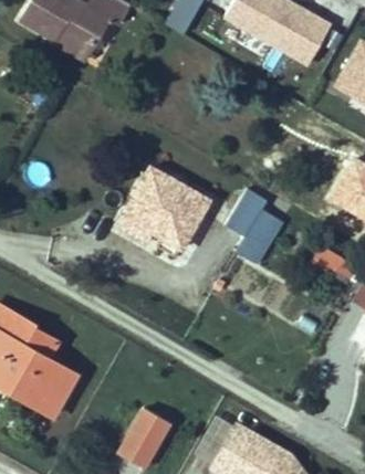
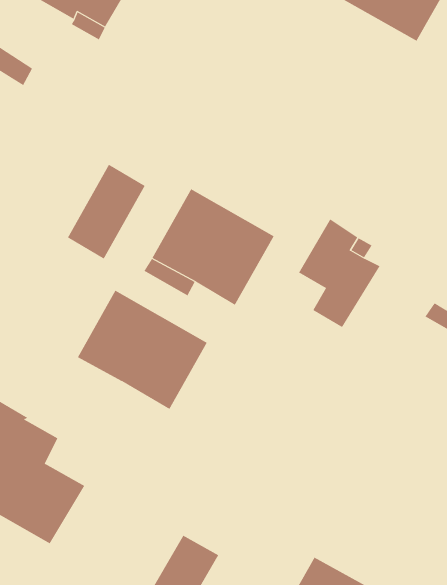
building: none -> [67,164,146,260]
building: none -> [77,290,208,410]

